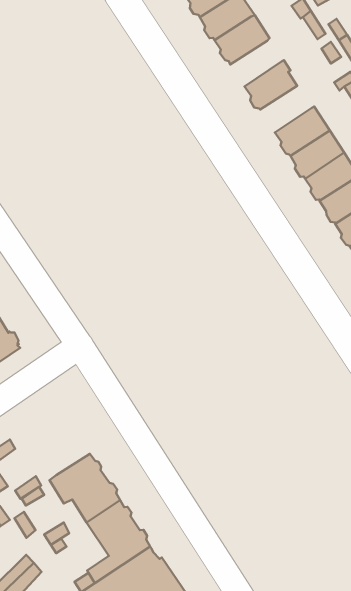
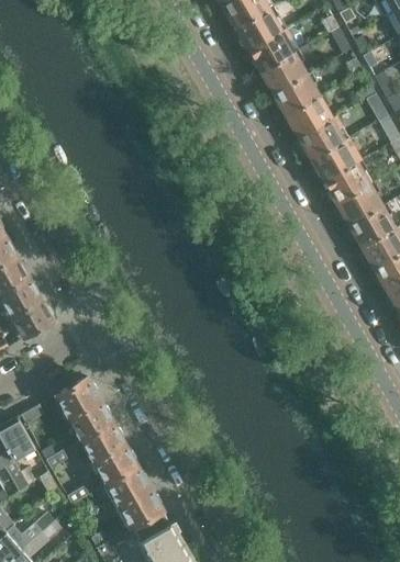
building: none -> [262,46,313,93]
building: none -> [287,94,334,137]
building: none -> [57,378,112,439]

